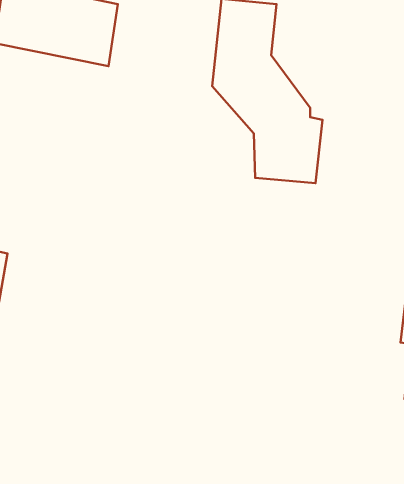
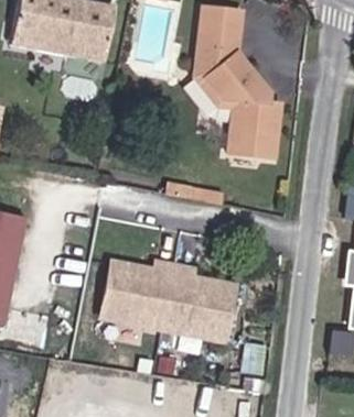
building: none -> [100,256,237,342]

